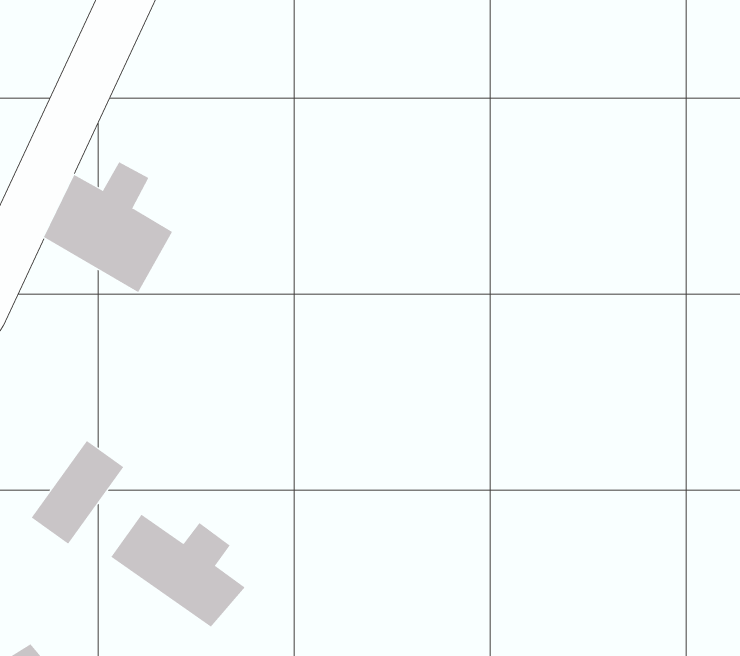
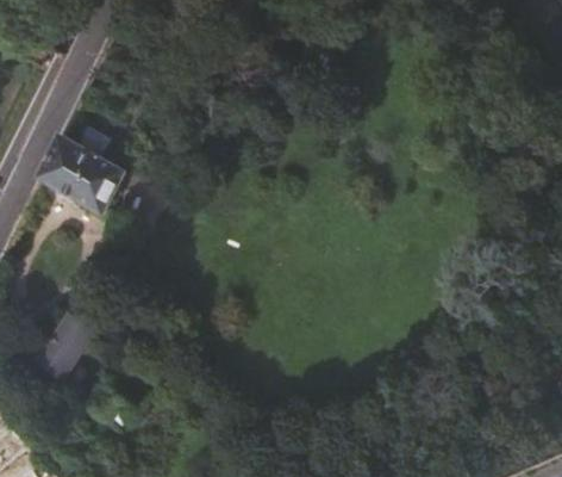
building: [110,514,246,628] -> none

